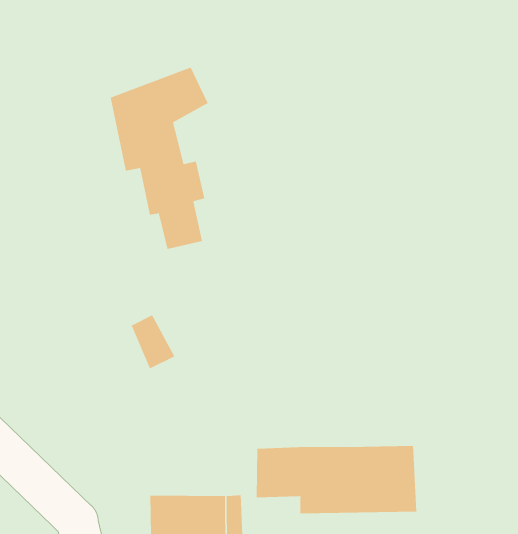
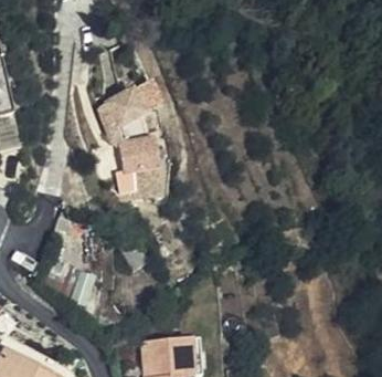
building: [256,445,417,514] -> none

